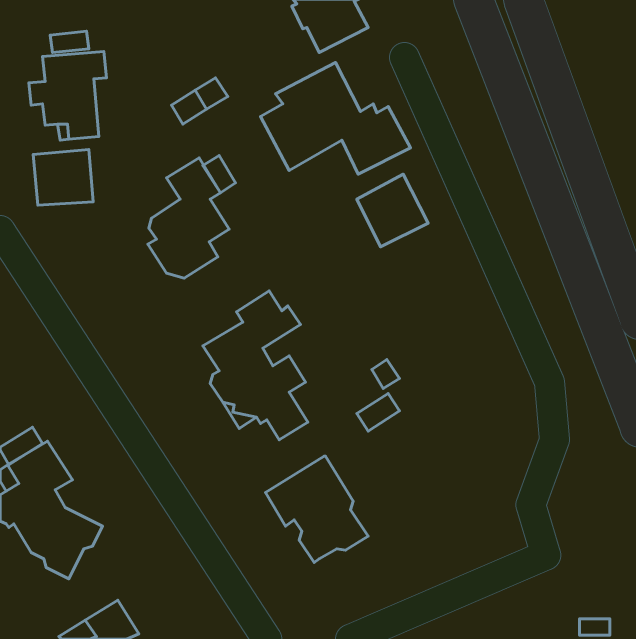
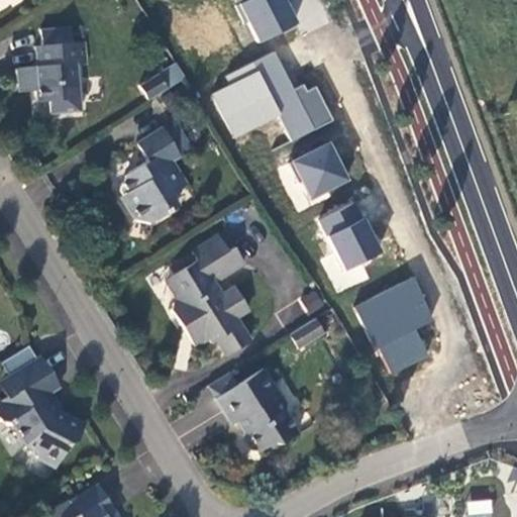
building: [33,149,93,205] -> none
building: none -> [319,202,381,271]
building: none -> [354,275,431,373]

